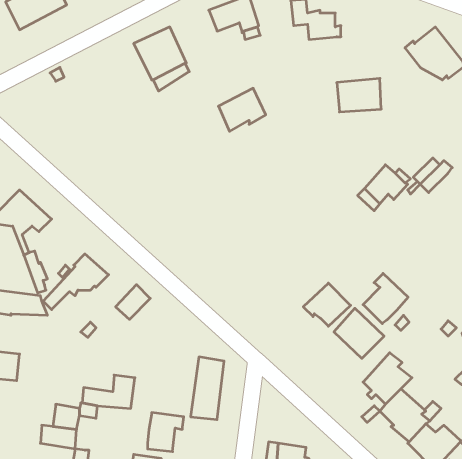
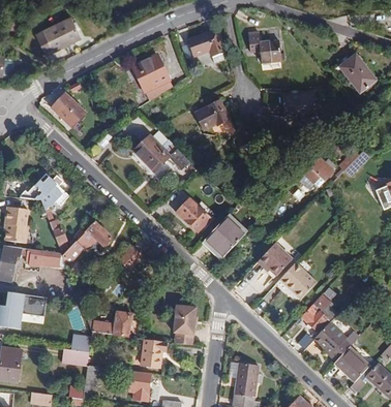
building: none -> [53,92,86,127]
building: none -> [132,134,189,171]
building: none -> [175,197,211,232]
building: none -> [205,215,244,255]
building: [363,273,408,324] -> none

